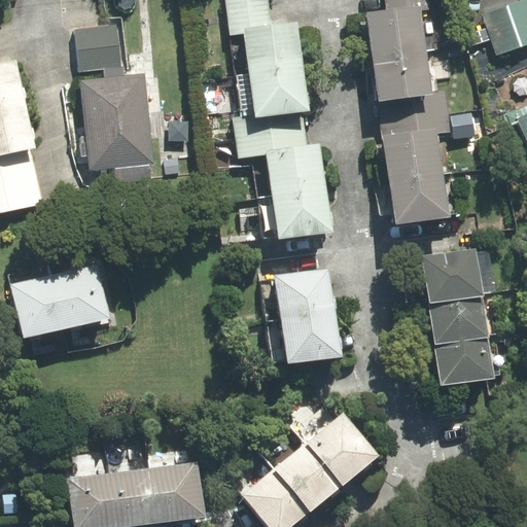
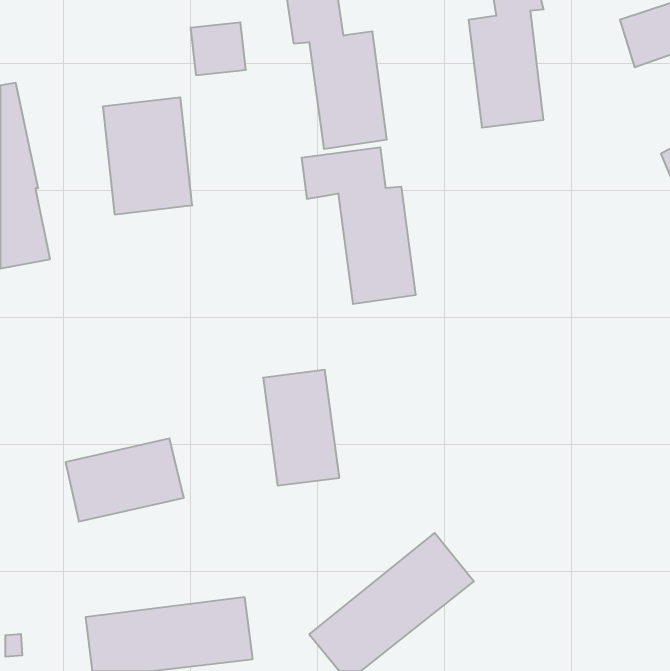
building: [78,29,121,70] -> [191,22,246,75]
building: [382,98,449,220] -> none
building: [424,254,488,384] -> none
building: [12,270,105,335] -> [66,438,184,521]
building: [275,272,335,362] -> [263,370,339,486]

